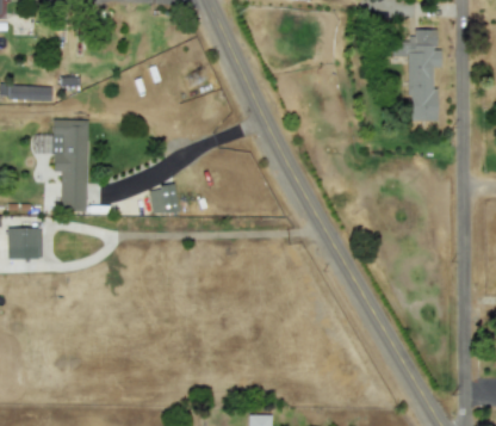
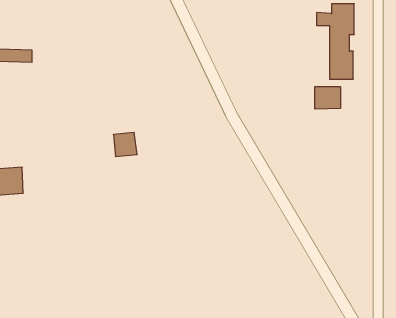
building: [33,121,89,209] -> none
building: none -> [315,87,340,109]

